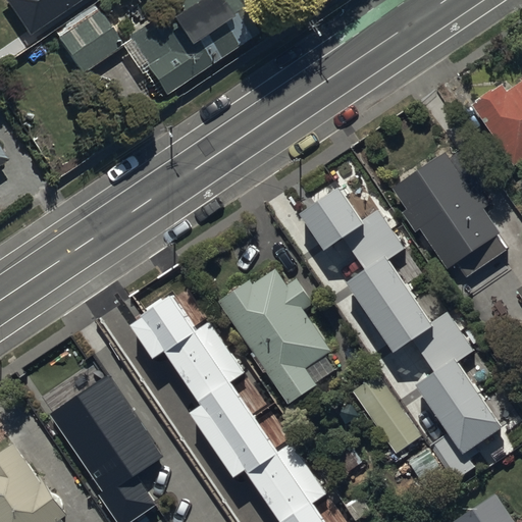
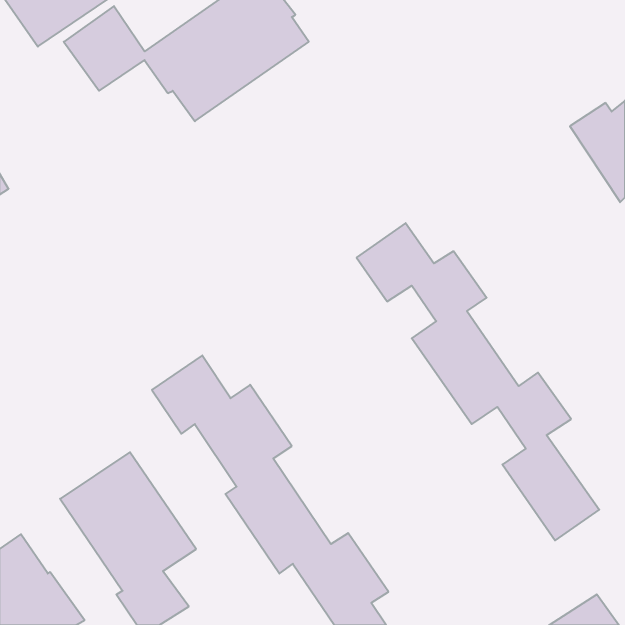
building: [392,154,510,279] -> none
building: [220,269,337,408] -> none
building: [352,372,422,453] -> none

